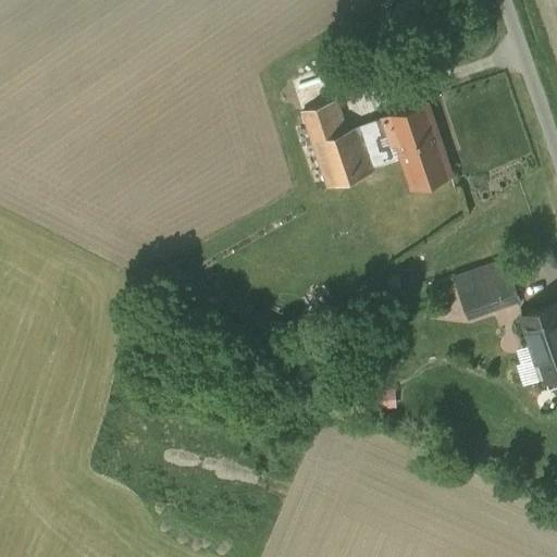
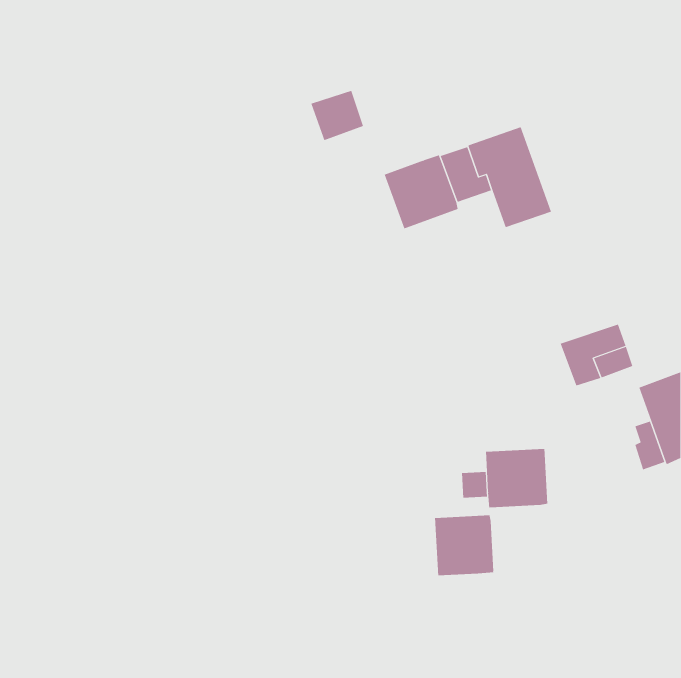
building: [302,103,346,145] -> [310,90,364,141]
building: none -> [485,448,548,509]
building: none -> [435,515,494,576]

